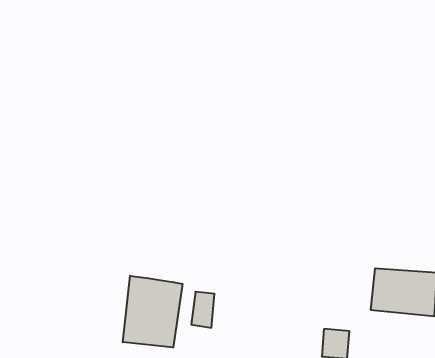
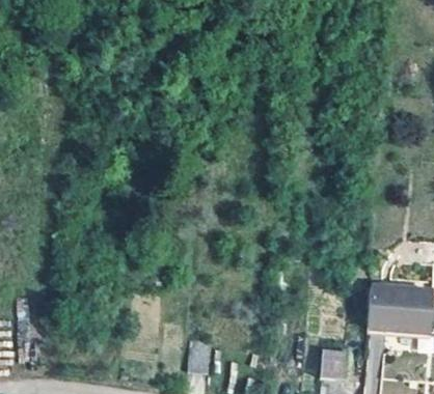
building: [123,276,182,348] -> none

